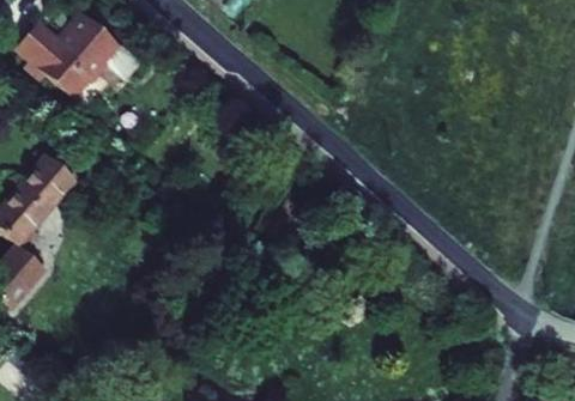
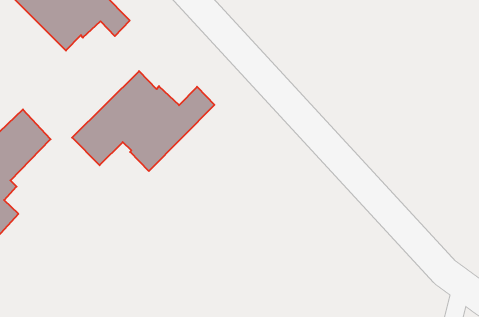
building: none -> [72,71,214,171]

